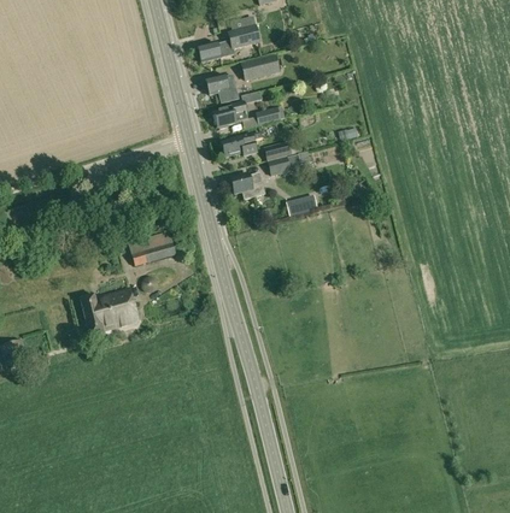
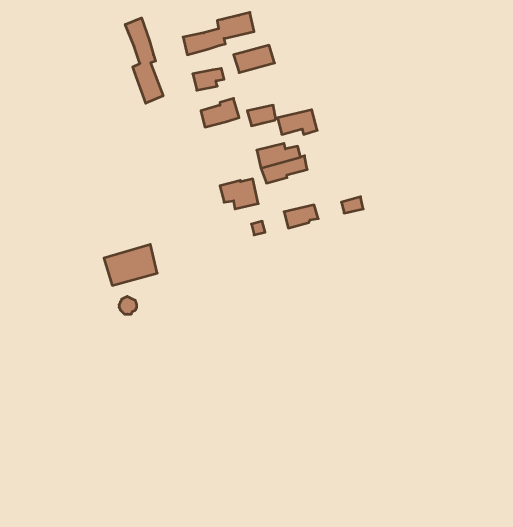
building: none -> [125,18,163,103]
building: [221,134,256,155] -> [278,110,317,134]
building: [80,288,139,337] -> none

